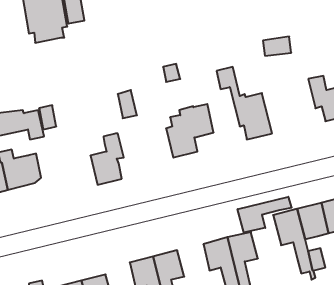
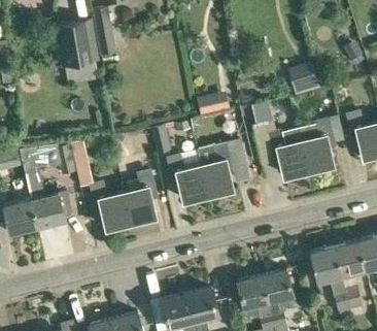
building: none -> [298,118,336,169]
building: none -> [166,154,207,200]
building: none -> [89,180,130,228]
building: [238,197,292,232] -> none

